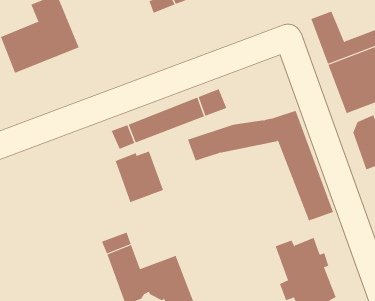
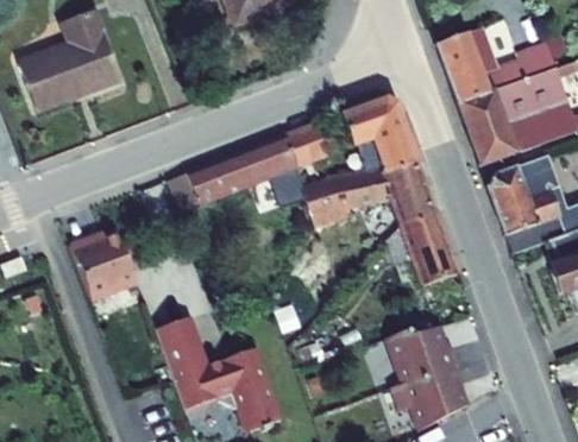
building: none -> [344,101,416,170]
building: [115,151,164,203] -> [75,234,140,303]

